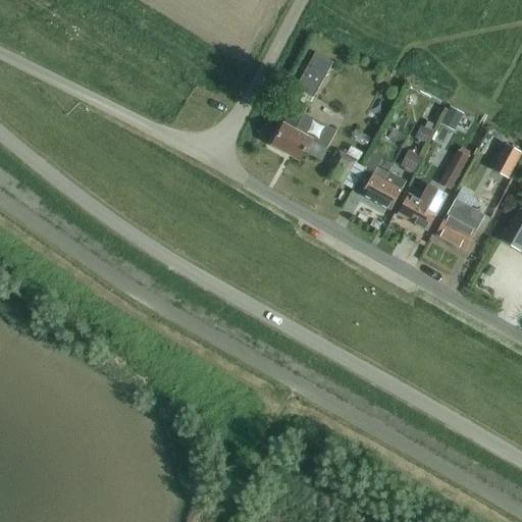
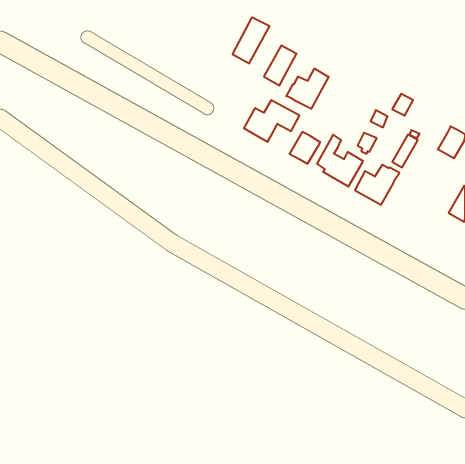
building: none -> [233,17,269,64]
building: none -> [286,69,329,109]
building: [435,197,485,250] -> none

